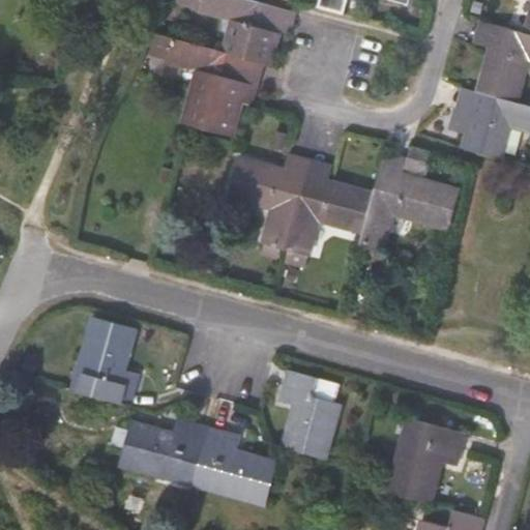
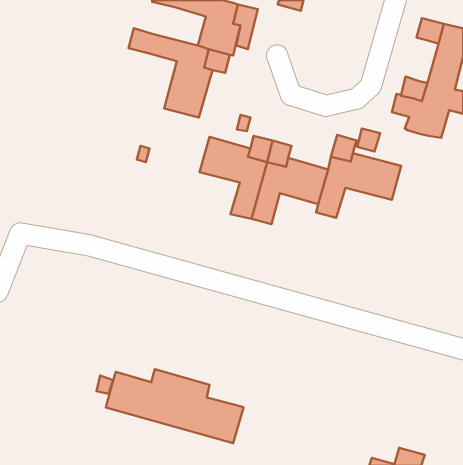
building: [73,317,138,405] -> none
building: [281,371,340,459] -> none
building: [388,419,464,503] -> none

